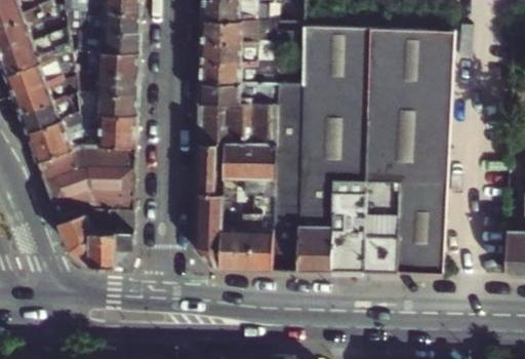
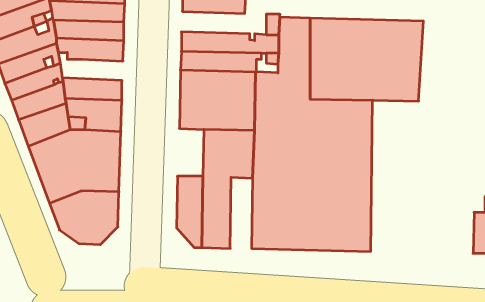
building: [199,22,272,45] -> none
building: [71,71,137,94] -> none
building: [398,115,448,275] -> none
building: [195,145,223,195] -> none
building: [250,196,274,271] -> none

